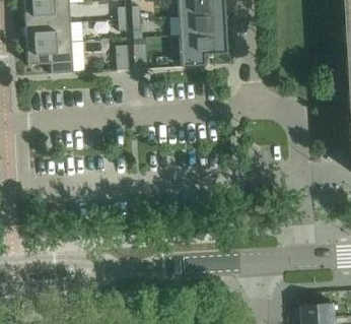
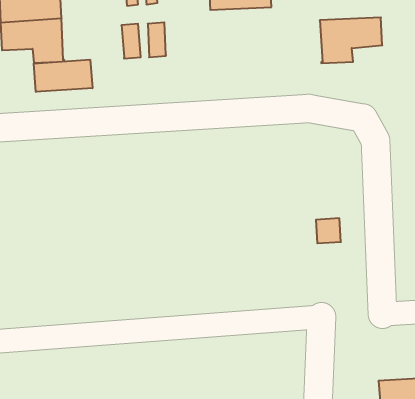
building: [179,34,224,67] -> [320,17,382,63]
building: none -> [34,60,92,92]

